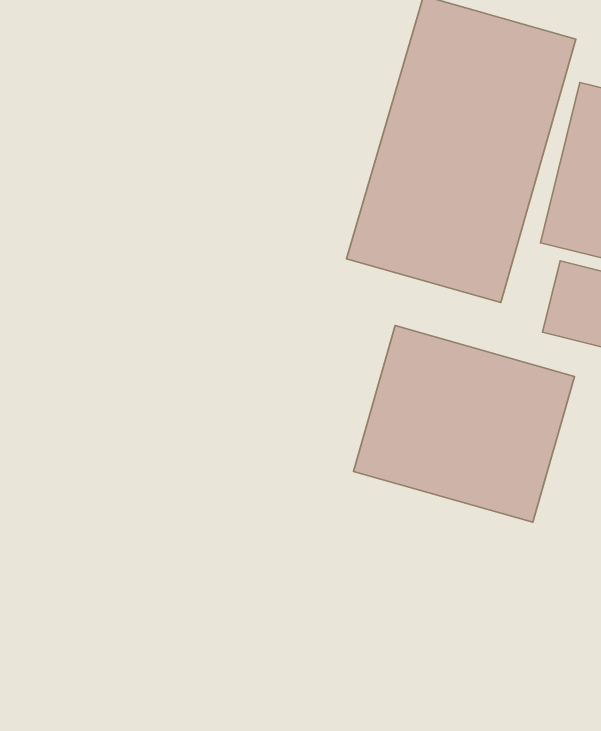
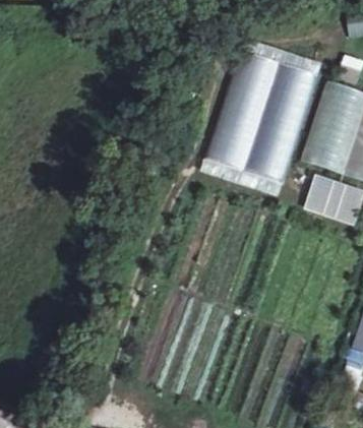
building: [354,326,574,522] -> none

